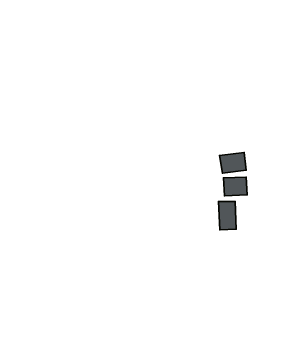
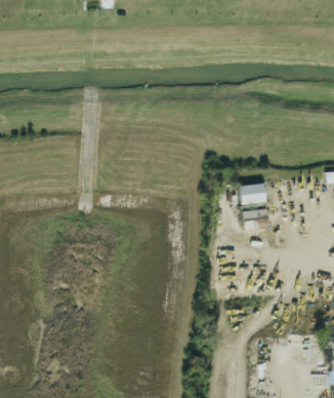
building: [218,201,236,230] -> none

